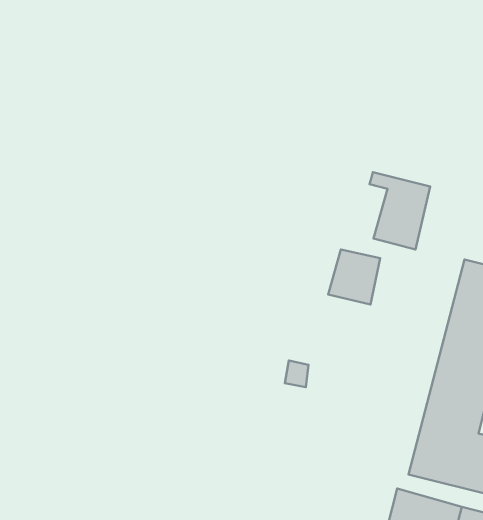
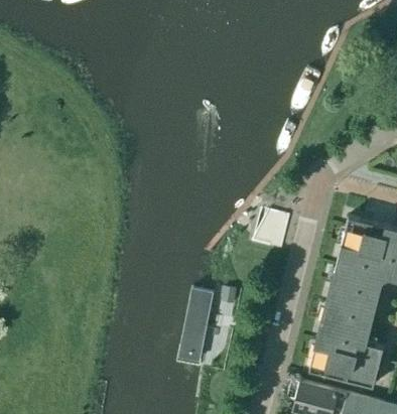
building: [369,172,430,250] -> none
building: none -> [176,292,216,376]

